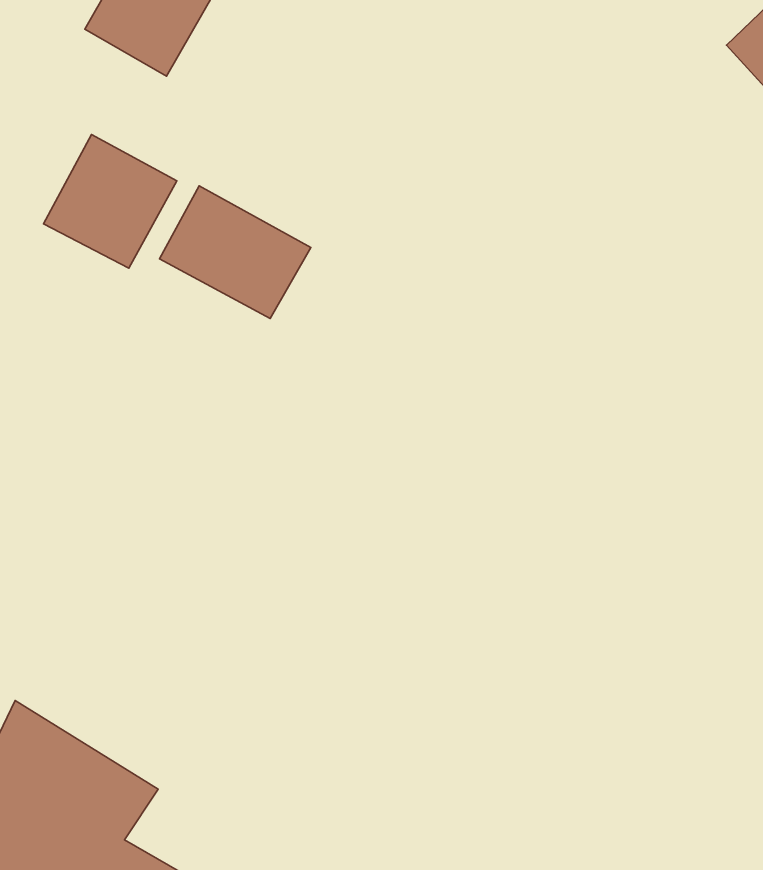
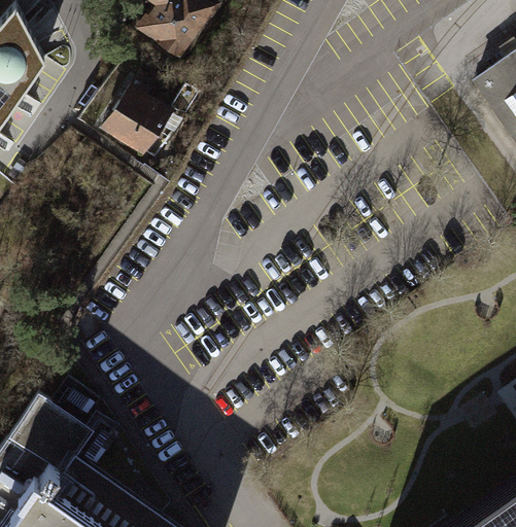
building: [159,186,311,318] -> none

